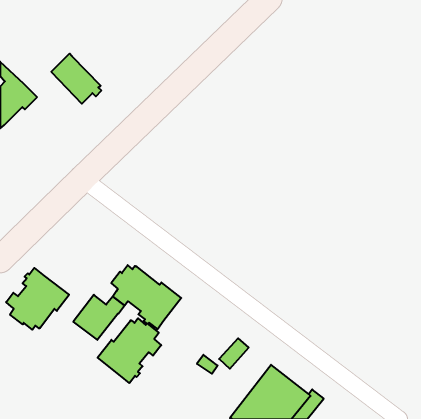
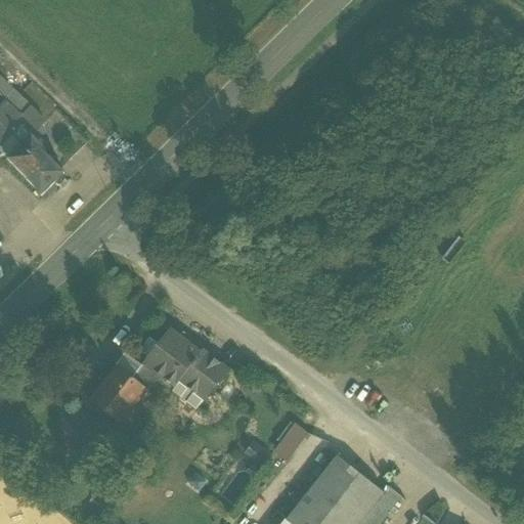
building: [51,54,101,104] -> [5,133,68,195]
building: [6,268,69,330] -> none
building: [98,318,161,383] -> none

